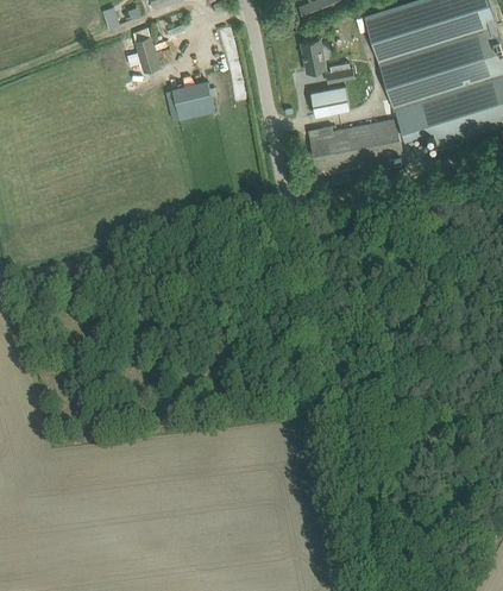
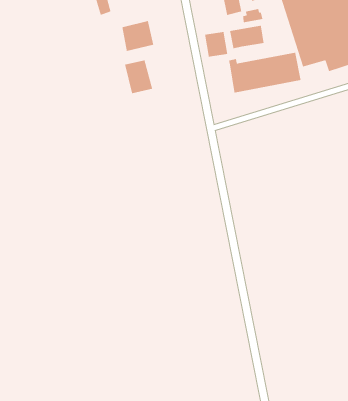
building: none -> [204,31,228,57]
building: none -> [124,59,153,94]

